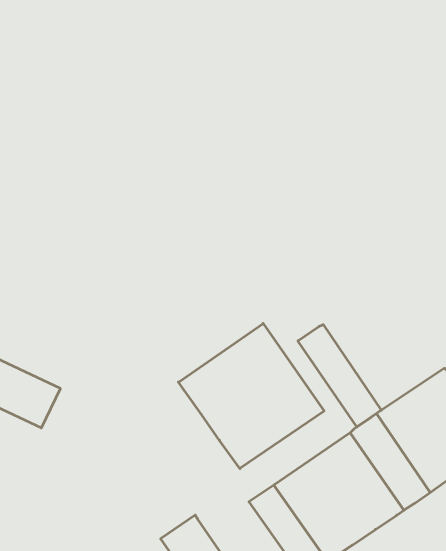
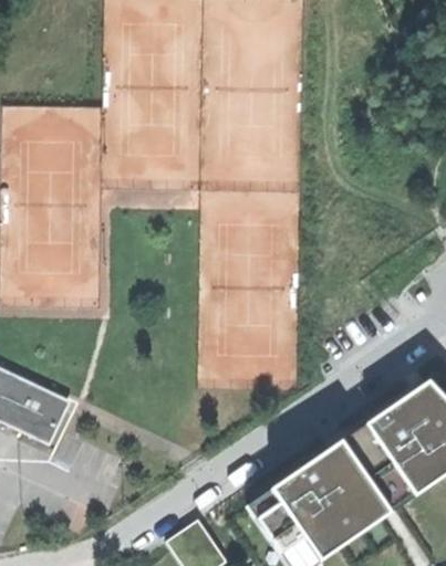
building: [178,323,324,469] -> none
building: [298,325,381,427] -> none

